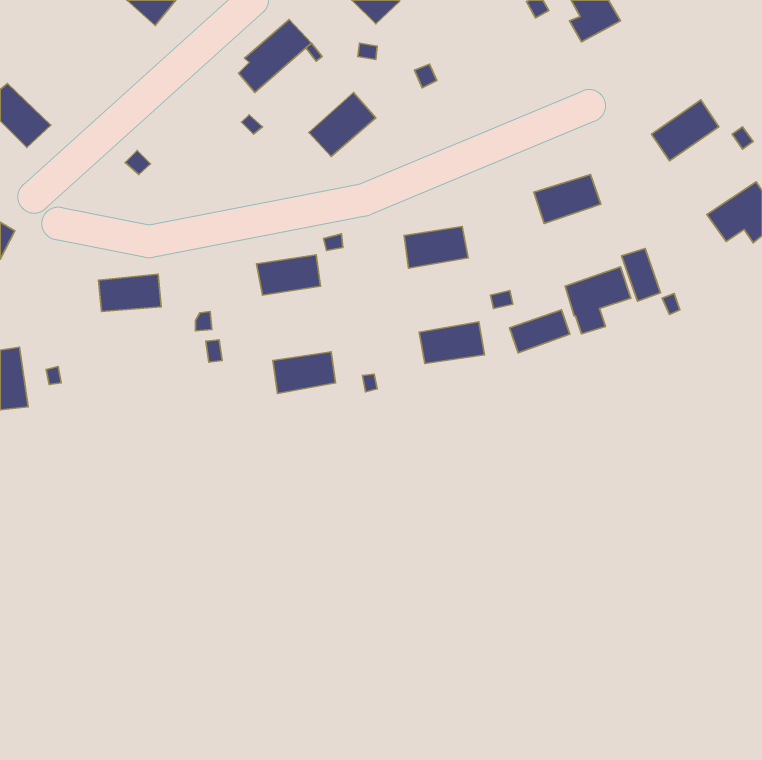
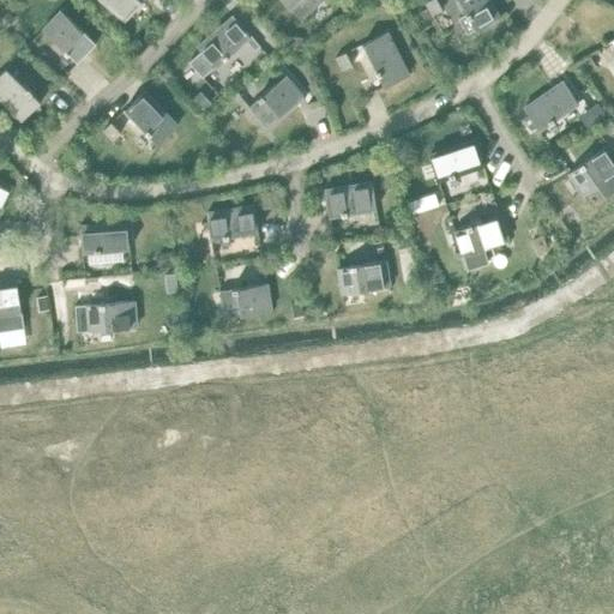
building: none -> [42,12,95,64]
building: none -> [363,32,408,88]
building: none -> [125,91,177,144]
building: [621,249,661,301] -> none
building: [509,310,570,353] -> none
building: none -> [74,301,136,332]

